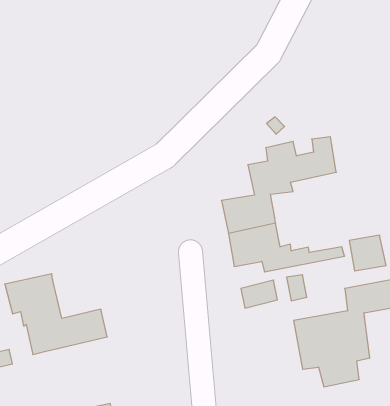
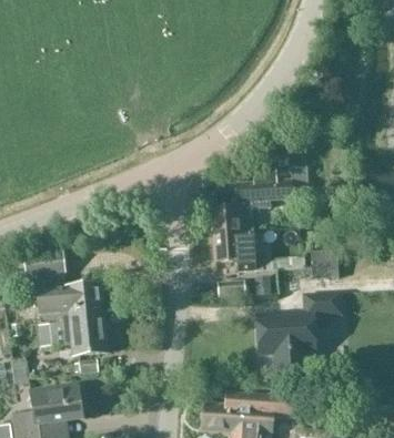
building: none -> [37,307,105,355]

